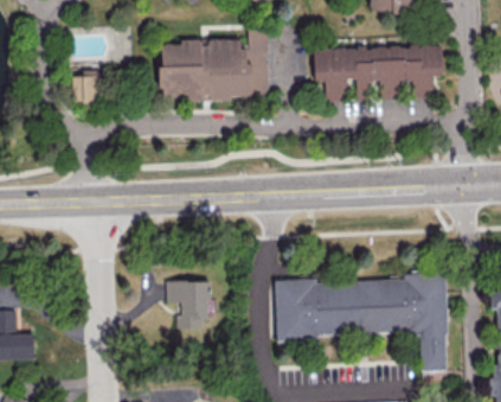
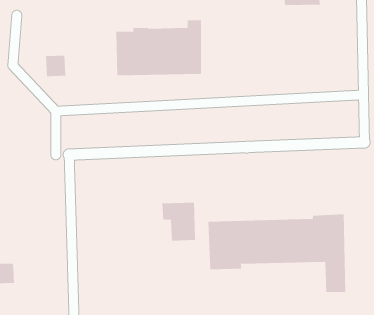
building: [314,45,443,102] -> none
building: [166,281,208,330] -> [162,202,196,241]

